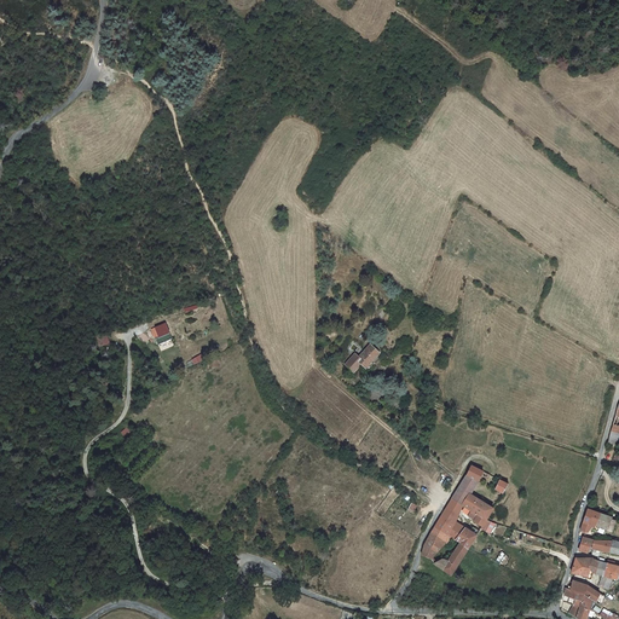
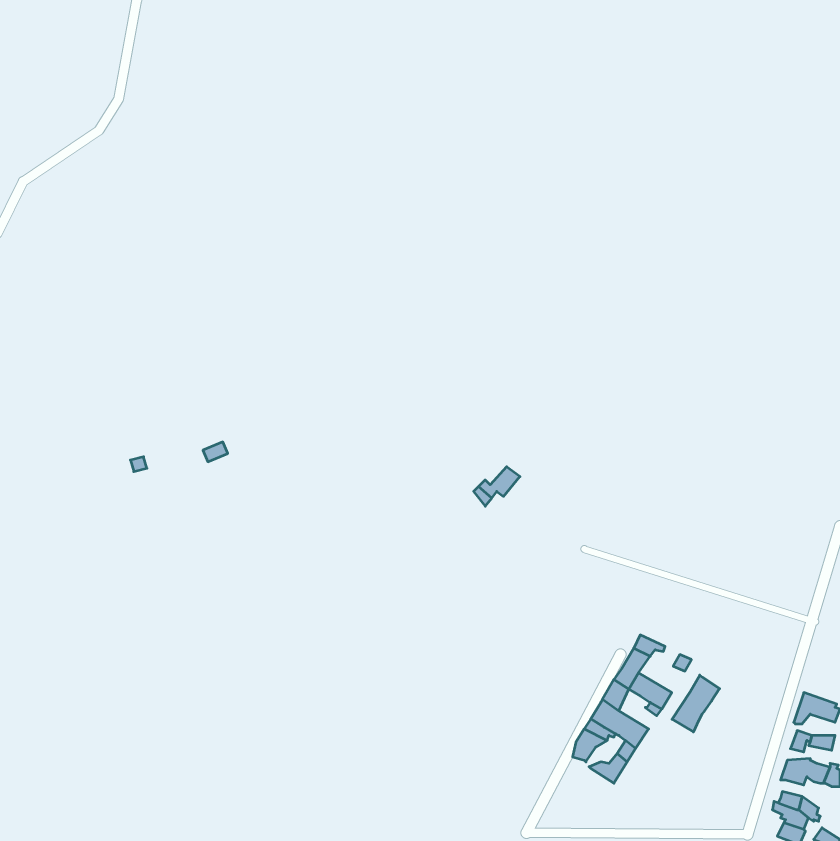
building: none -> [672,675,720,732]

